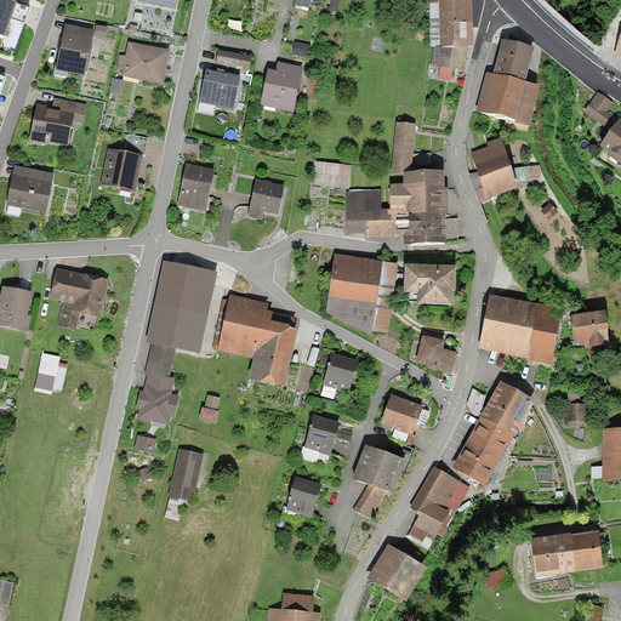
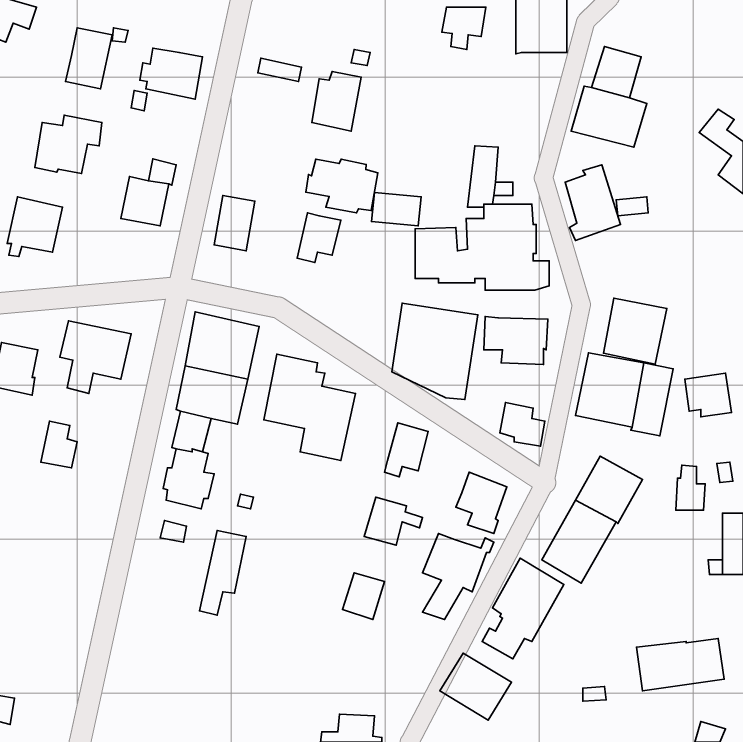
building: [431,44,467,79] -> [442,7,486,50]
building: [200,68,239,108] -> none
building: none -> [306,159,378,213]
building: none -> [604,298,667,364]

